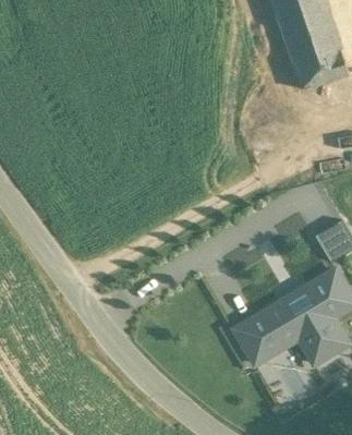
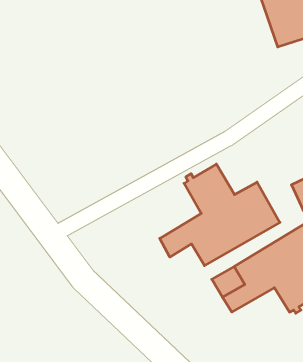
building: none -> [160,164,280,266]

